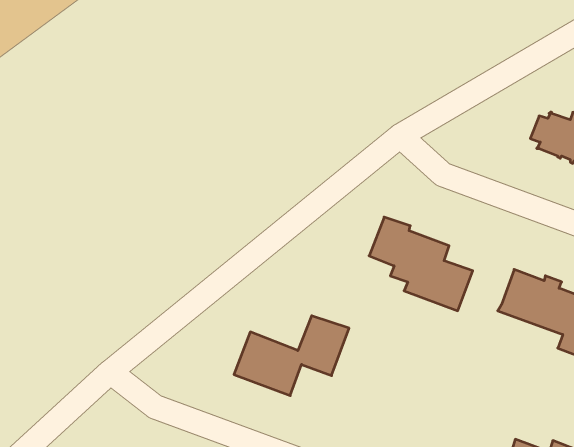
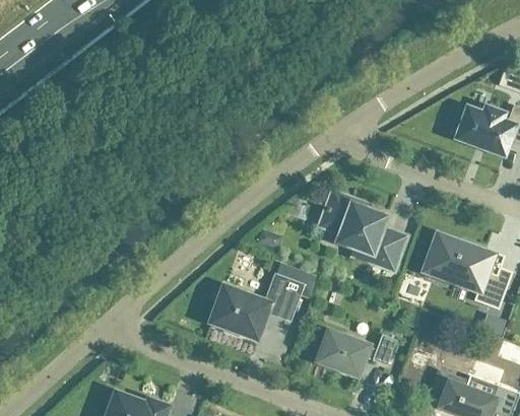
building: none -> [319,329,396,375]

